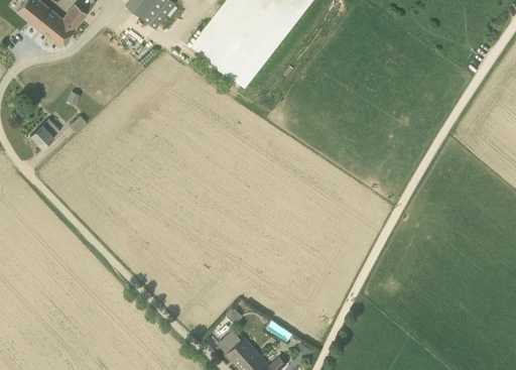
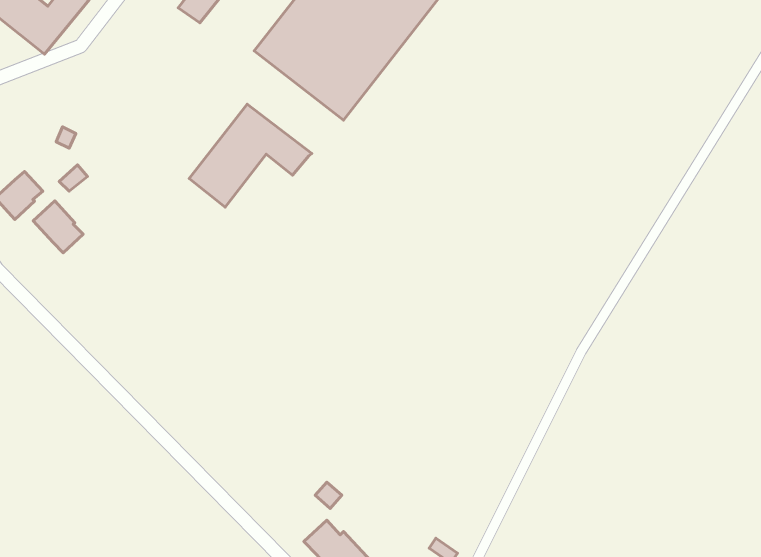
building: none -> [189,104,312,207]
building: none -> [33,201,83,253]

